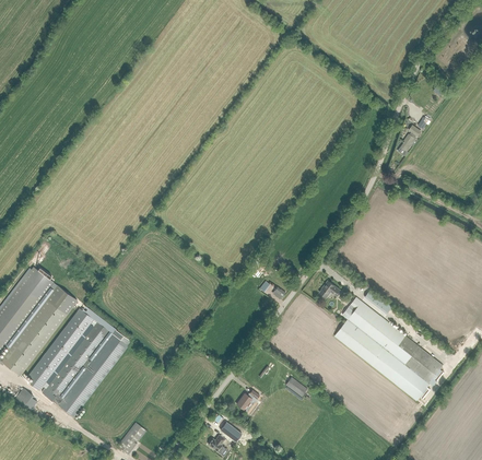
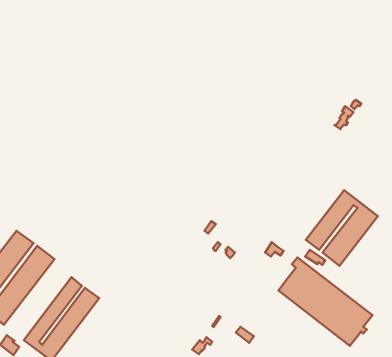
building: none -> [306,190,378,266]
building: [27,307,92,389] -> none

